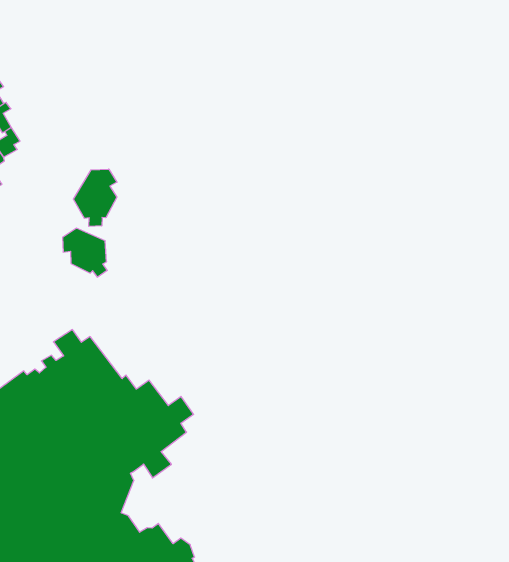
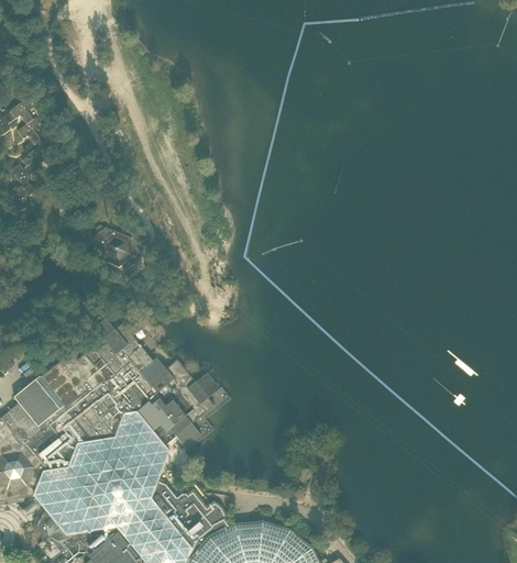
building: [73,169,117,226] -> none

